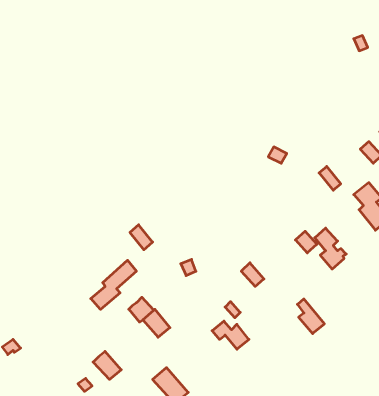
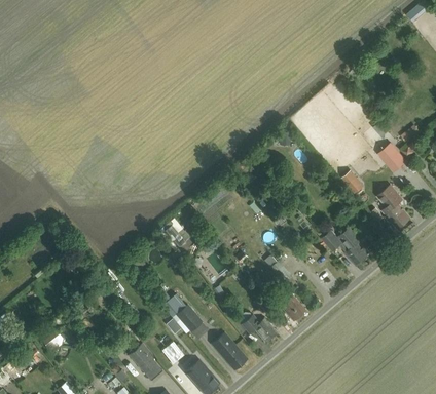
building: [91,260,136,309] -> none
building: [297,299,324,334] -> [280,288,305,321]
building: none -> [211,332,247,370]

